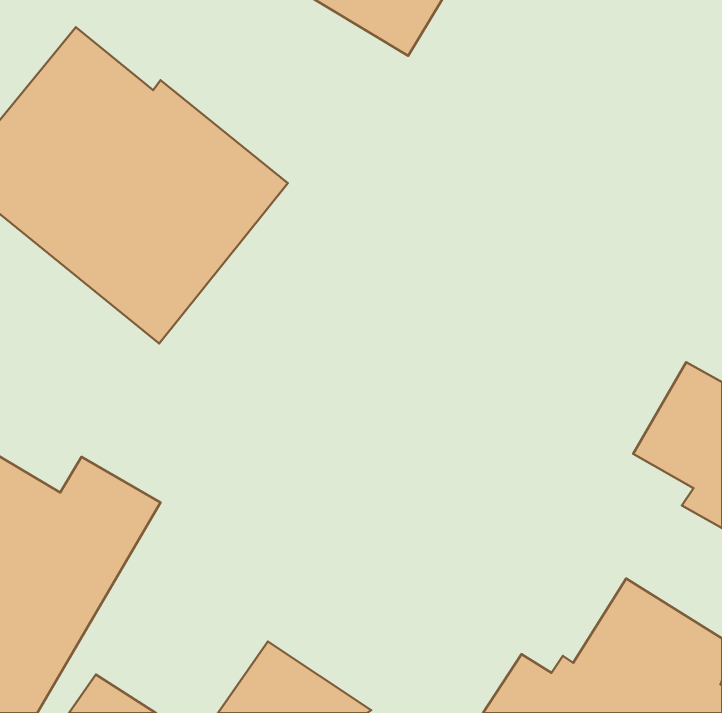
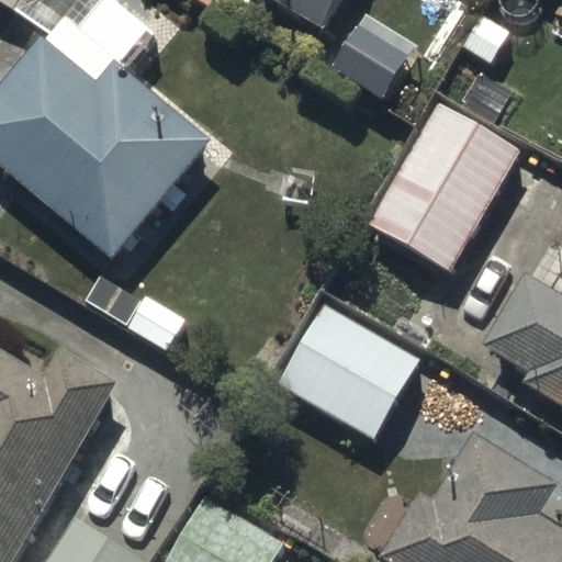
building: none -> [363,101,519,273]
building: none -> [270,301,422,446]

